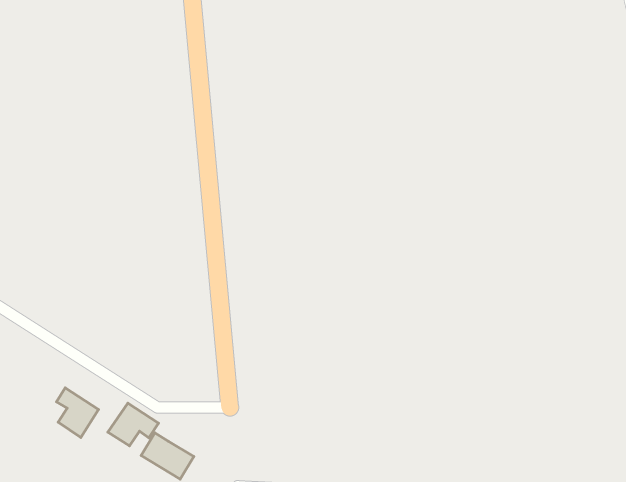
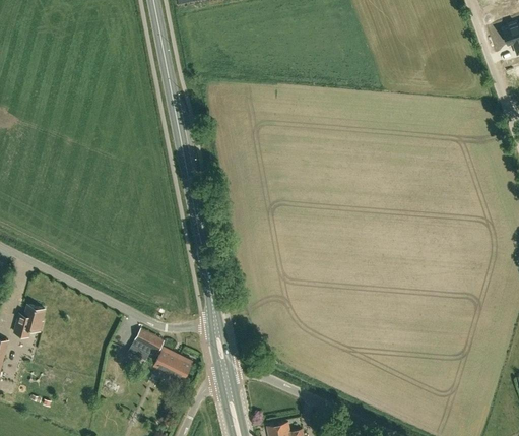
building: [57,388,98,438] -> none

